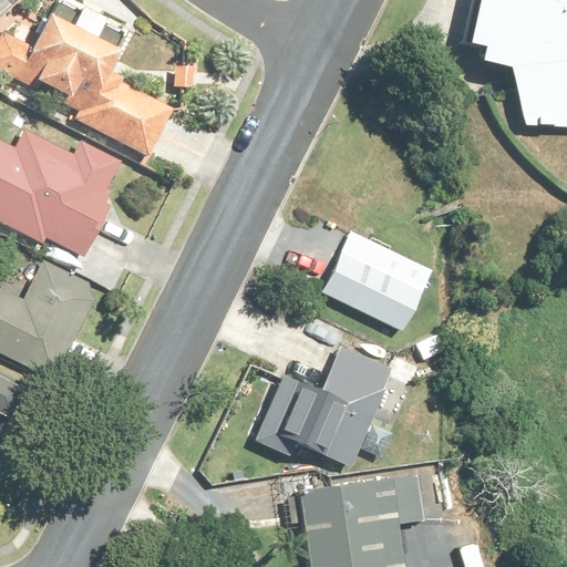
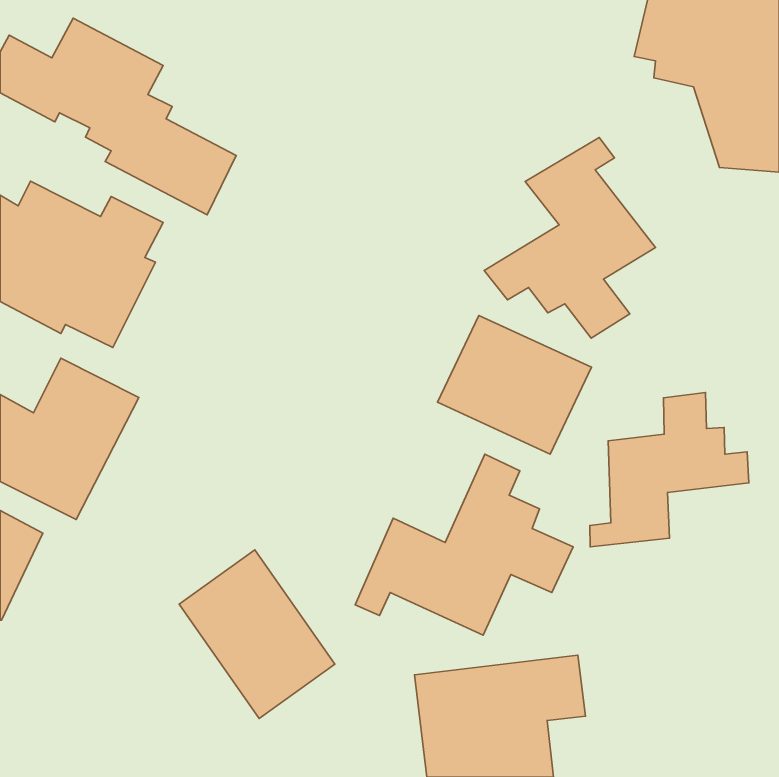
building: none -> [484,137,655,338]
building: none -> [590,392,749,547]
building: none -> [179,550,335,718]

